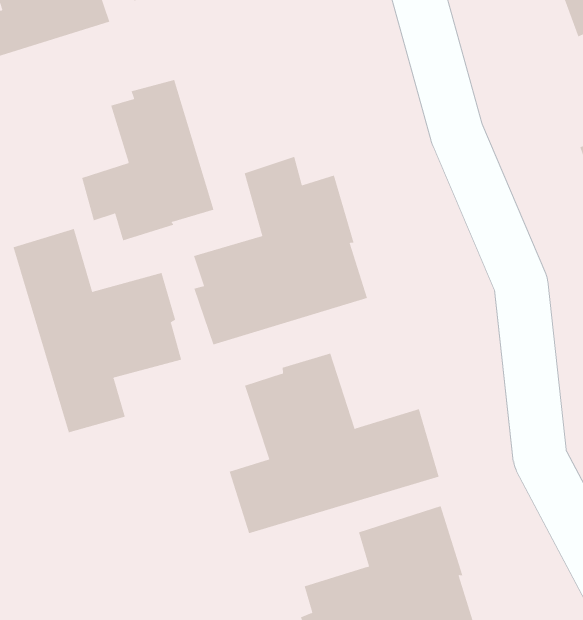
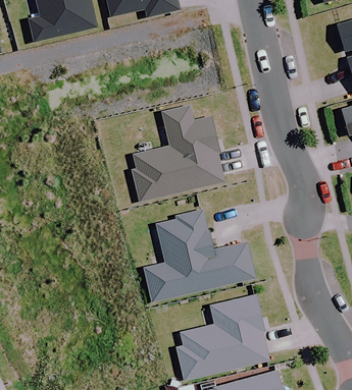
building: [82,79,214,241] -> none
building: [13,228,182,433] -> none

